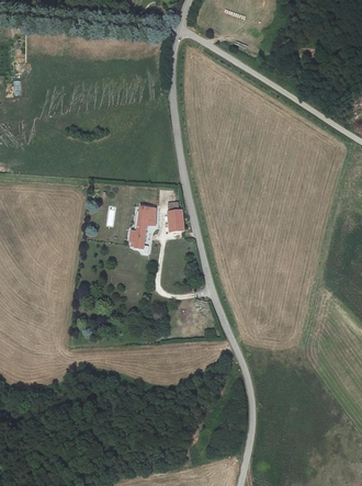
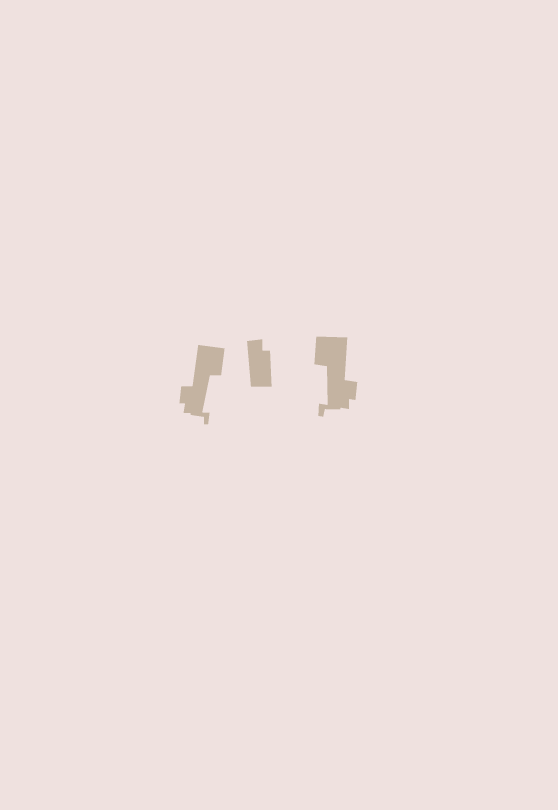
building: none -> [313,336,358,417]

